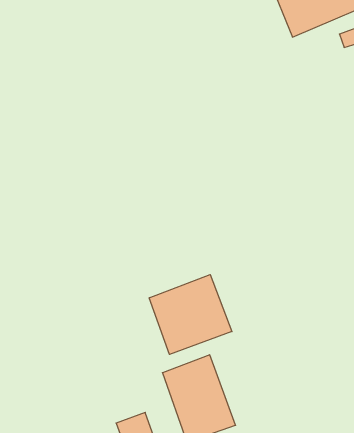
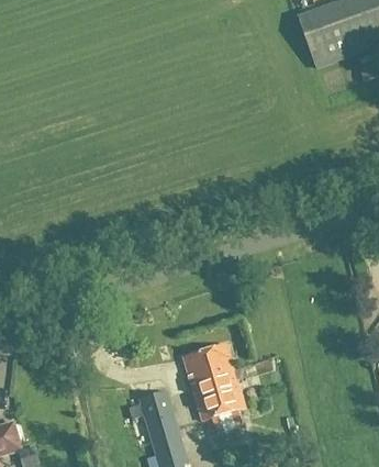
building: [149,275,232,354] -> none

